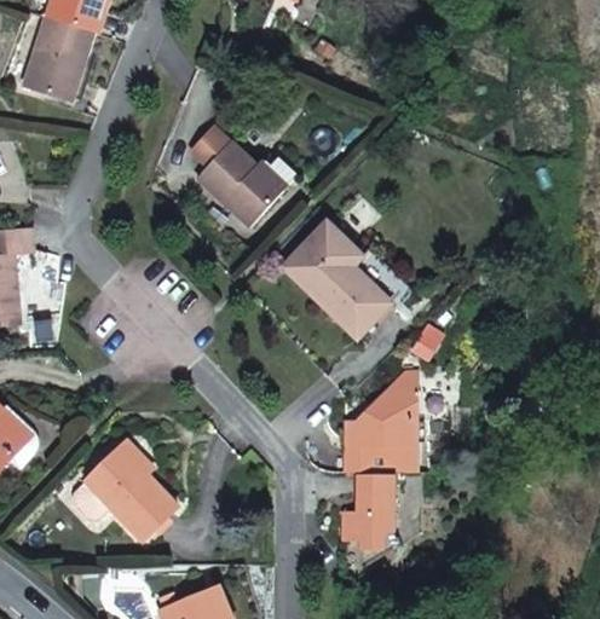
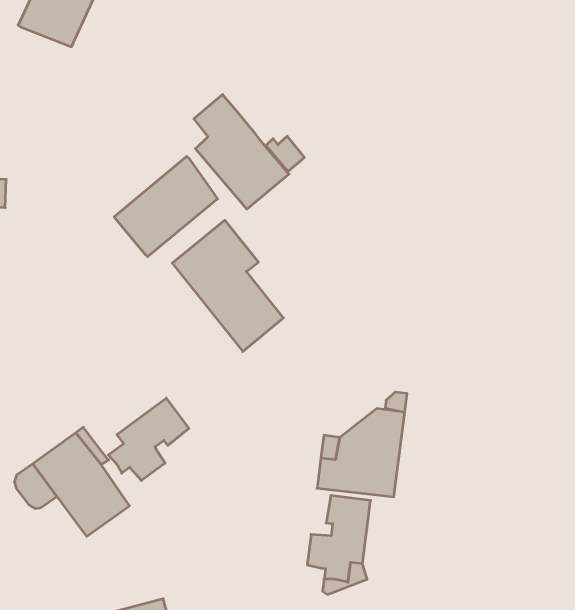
building: none -> [114,156,218,257]
building: [284,221,391,337] -> [172,220,283,352]
building: none -> [108,398,189,481]

